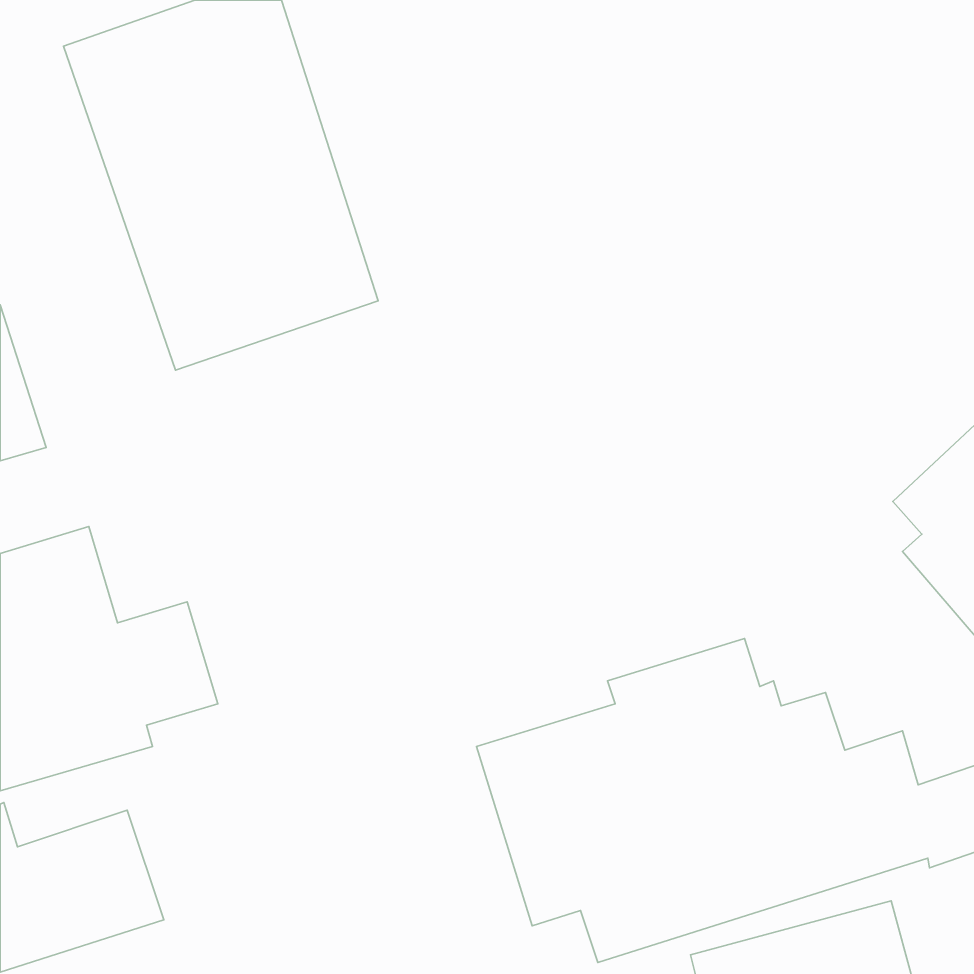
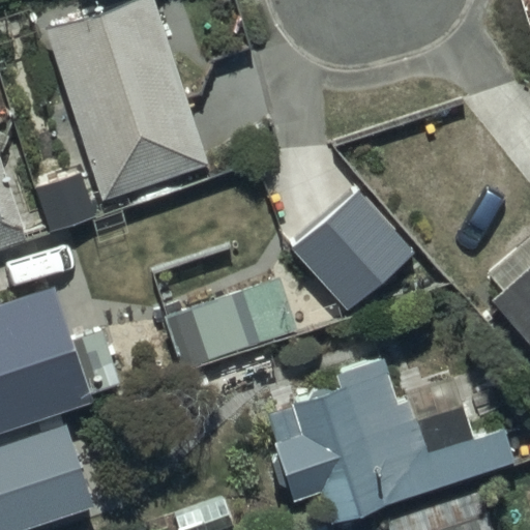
building: none -> [288,190,415,318]
building: none -> [165,278,300,373]

